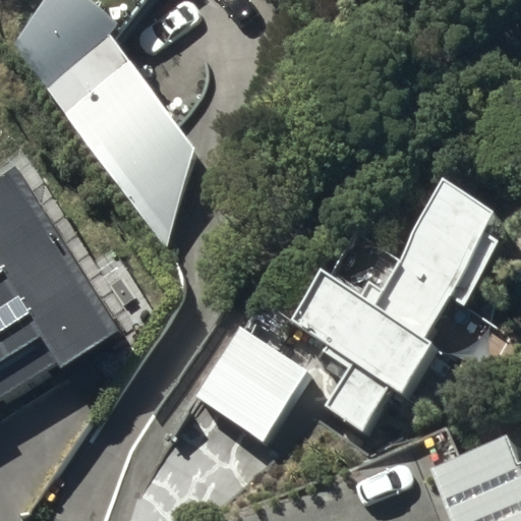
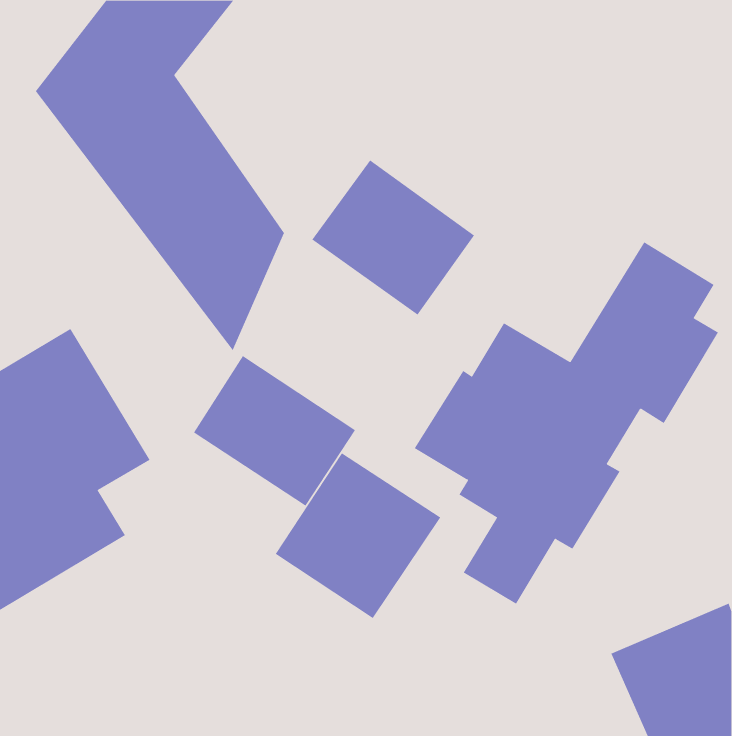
building: none -> [311,160,475,315]
building: none -> [193,355,356,506]

